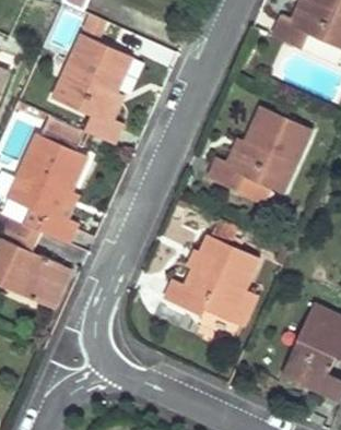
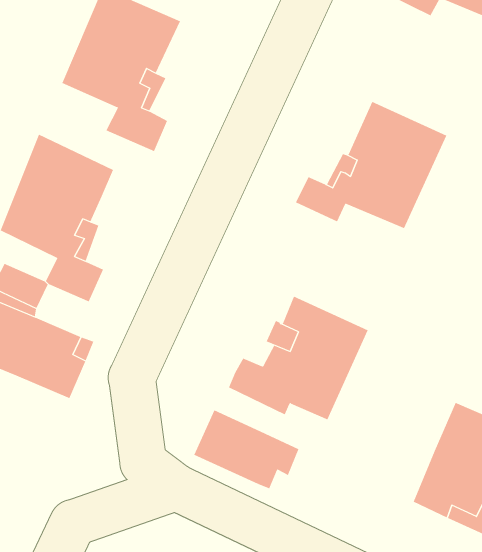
building: none -> [193,410,299,489]

